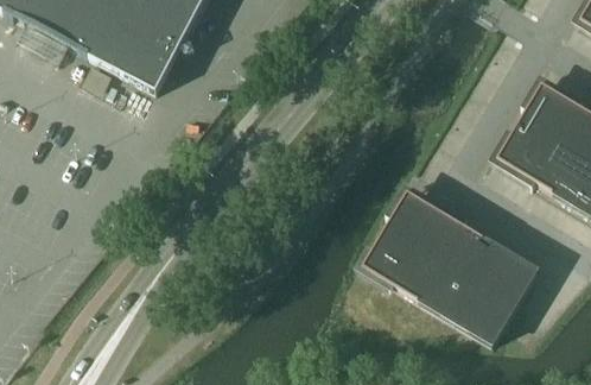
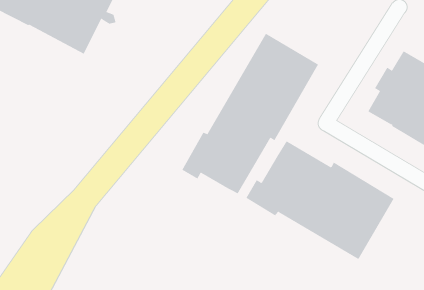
building: none -> [182,33,319,194]

